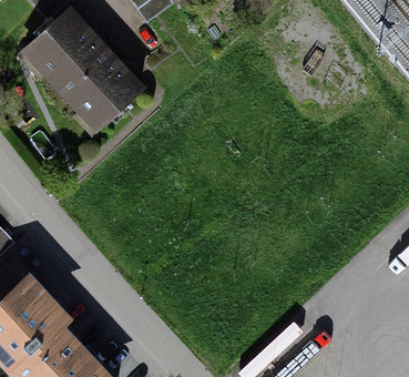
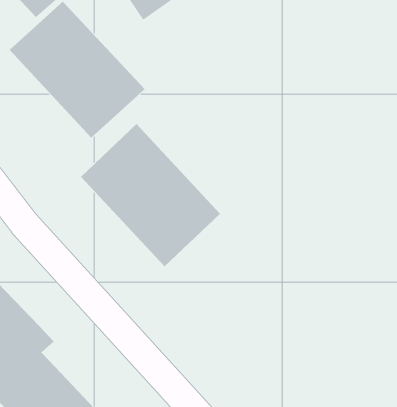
building: none -> [80,123,221,267]

